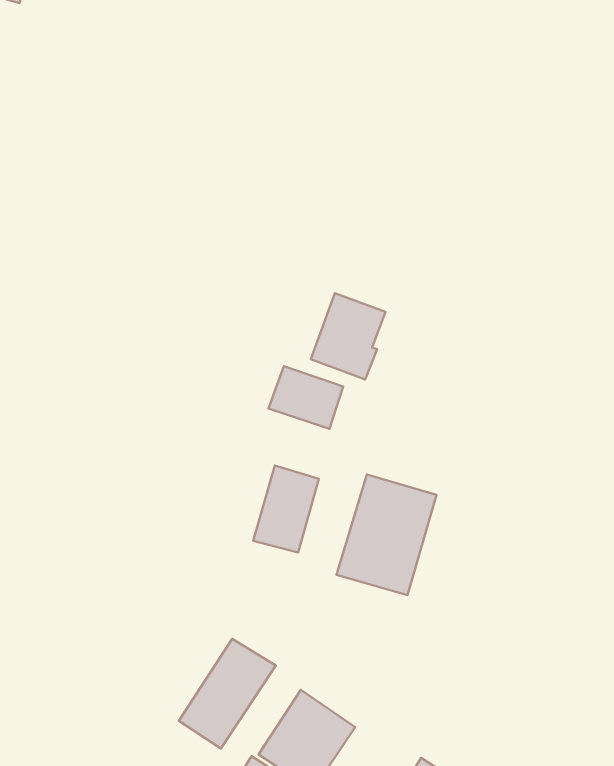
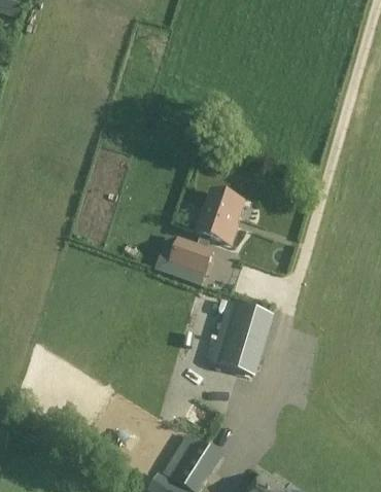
building: [253,466,319,553] -> none
building: [179,639,276,749] -> none

